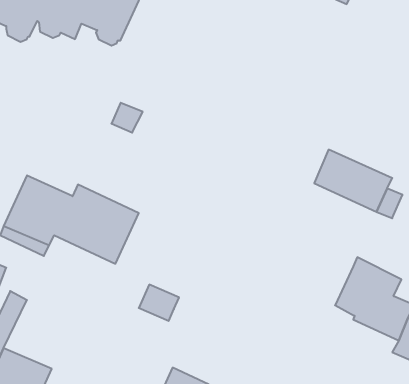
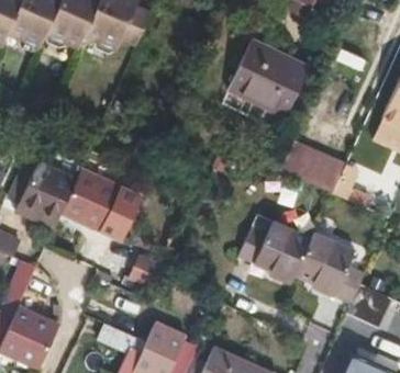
building: none -> [227,39,310,117]
building: none -> [241,221,313,282]

